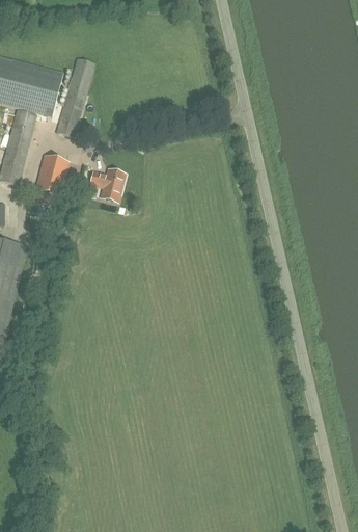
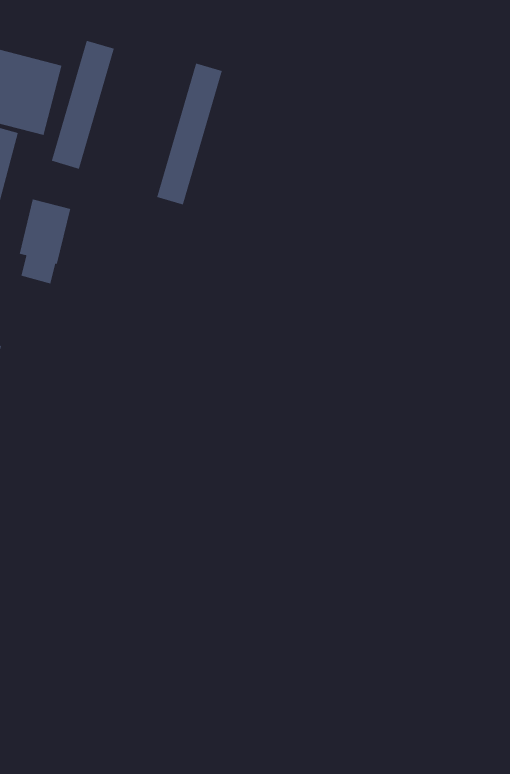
building: none -> [156,63,223,206]
building: [90,167,126,192] -> none

